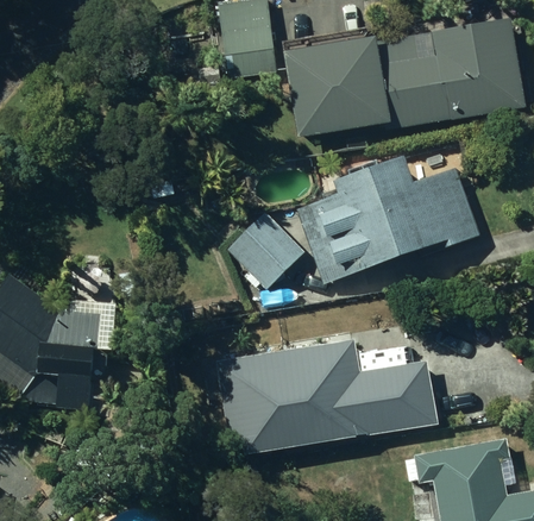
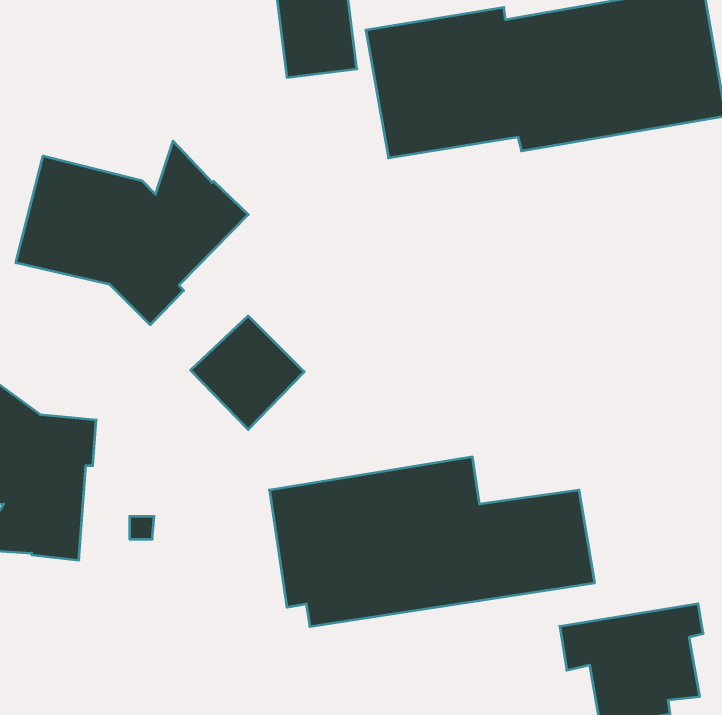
building: none -> [16,141,248,325]
building: [297,156,479,284] -> none
building: [227,213,304,290] -> [191,316,304,430]

